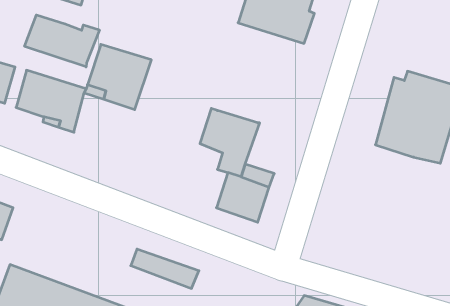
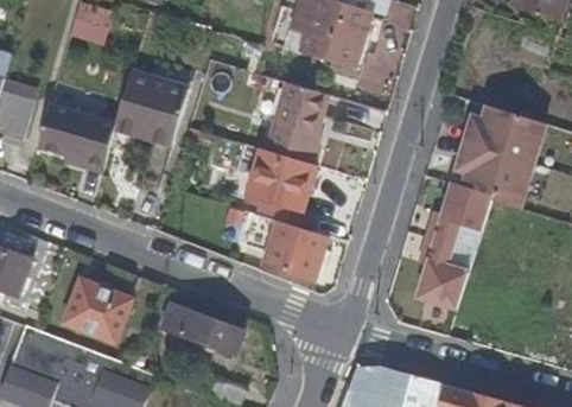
building: [25,15,99,67] -> none
building: none -> [266,82,333,164]
building: none -> [414,189,491,312]
building: none -> [64,282,131,343]

